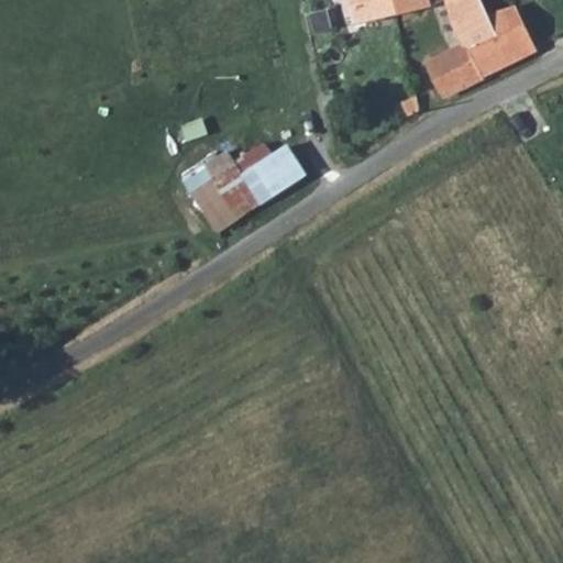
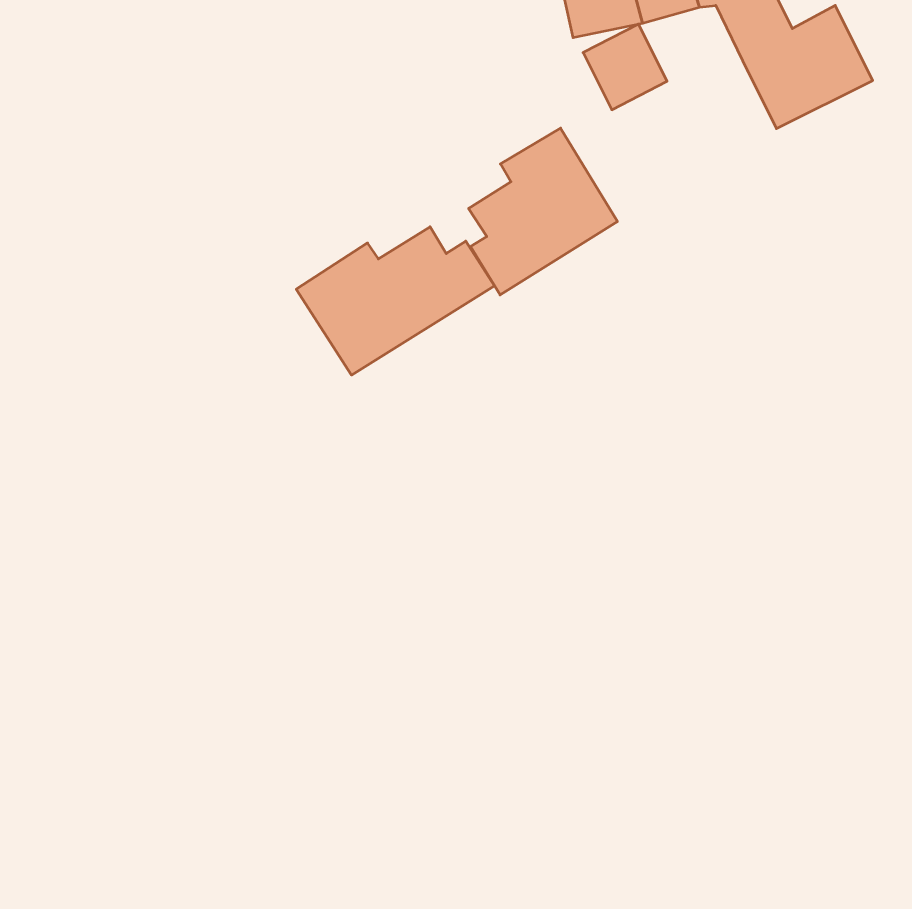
building: [427,44,478,97] -> [583,24,667,110]
building: none -> [469,128,617,295]

